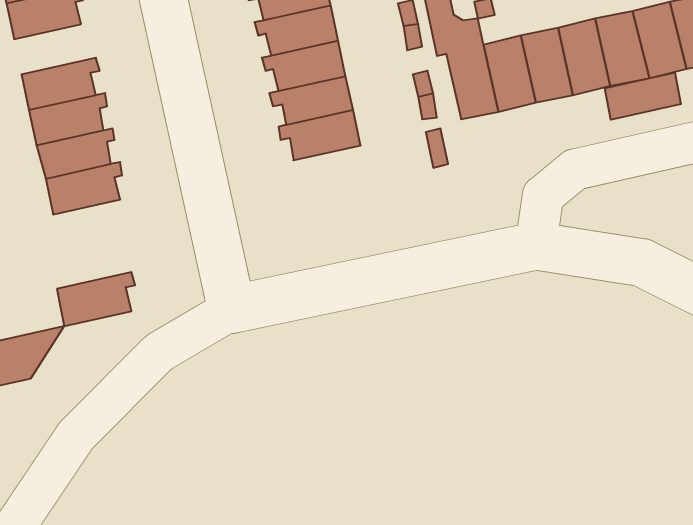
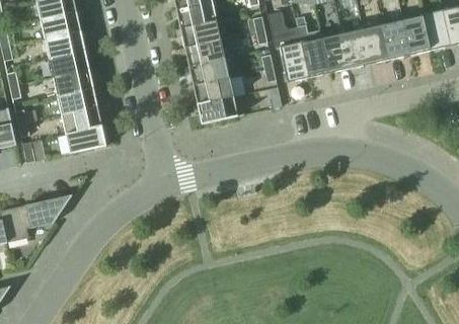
building: none -> [45,29,87,58]
building: [605,73,681,120] -> none
building: none -> [193,96,238,125]
building: [57,272,135,326] -> [66,125,108,154]

